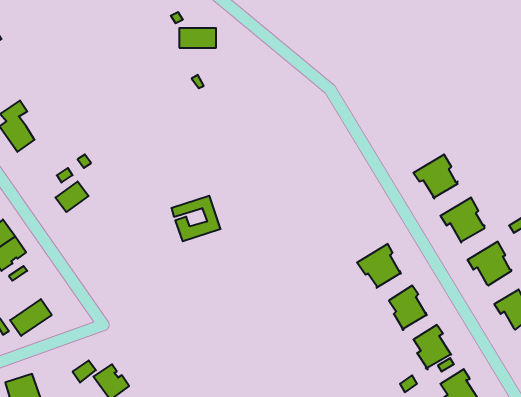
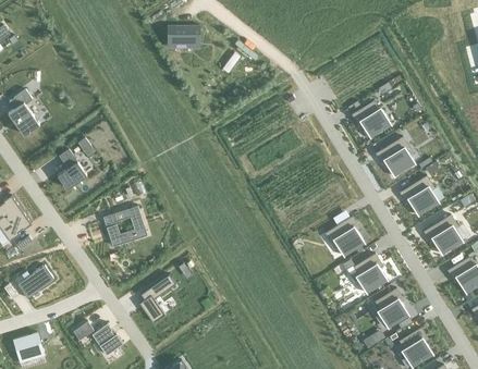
building: none -> [352,102,391,138]
building: [171,196,221,241] -> [103,207,147,247]
building: none -> [139,275,176,324]

